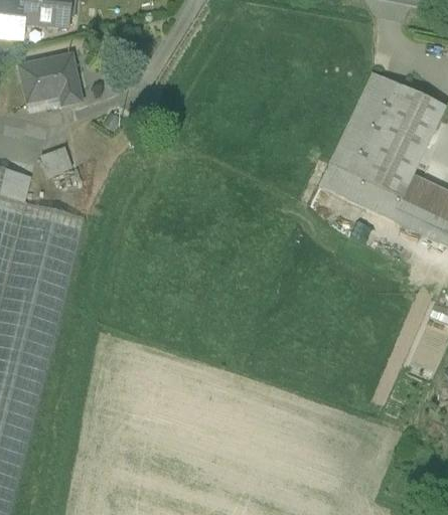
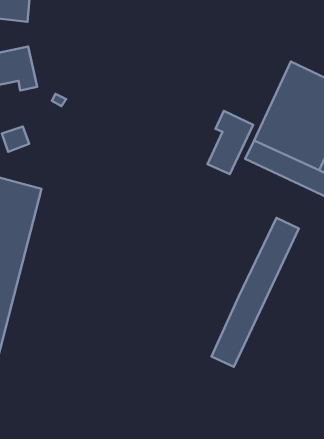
building: none -> [207,111,253,174]
building: none -> [211,218,299,367]

